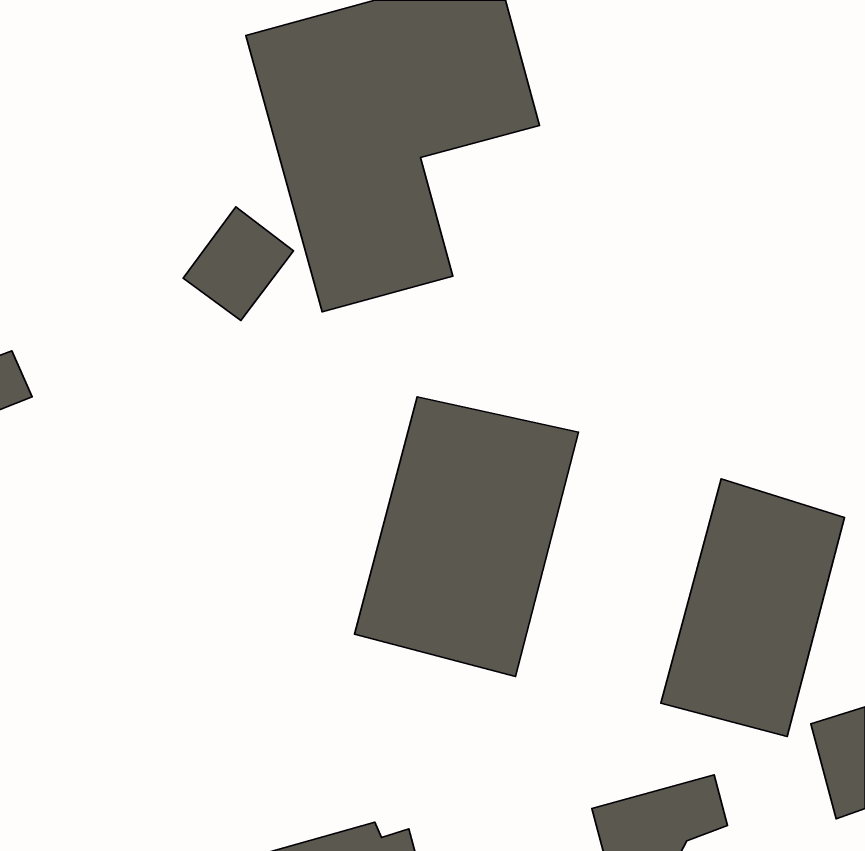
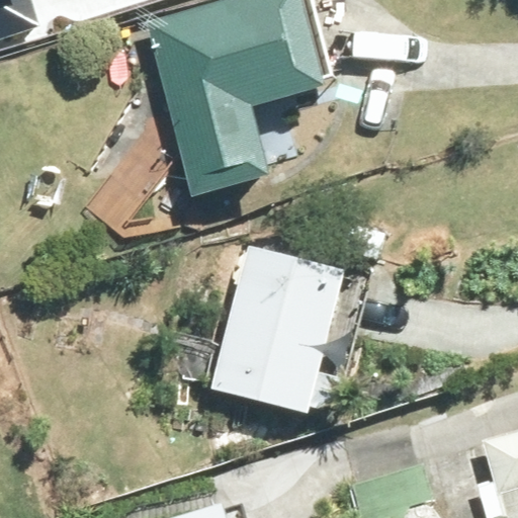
building: [661,479,845,737] -> none

